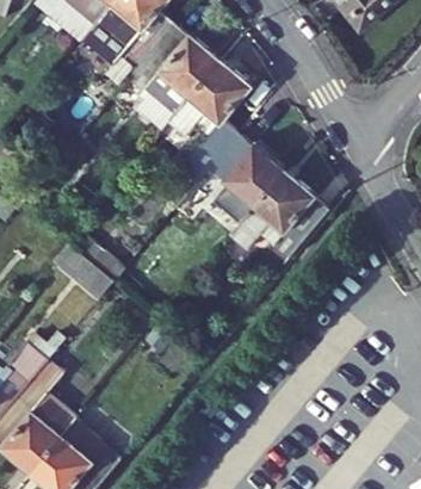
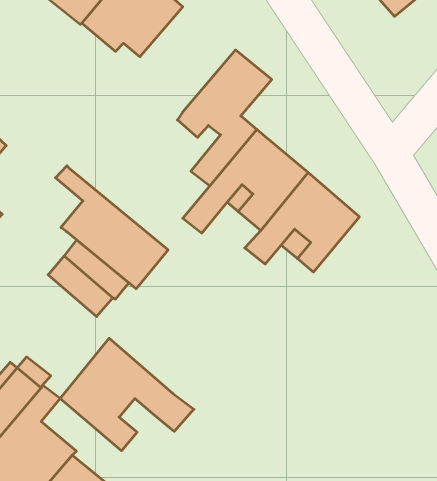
building: [123,21,217,114] -> none
building: none -> [55,166,168,289]
building: none -> [60,338,194,451]

